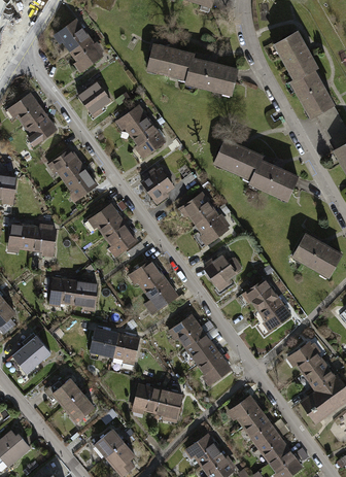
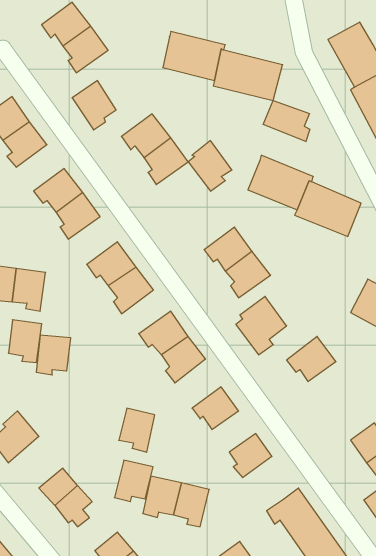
building: none -> [263,101,310,142]
building: [140,165,174,204] -> [188,141,232,191]
building: [72,278,98,311] -> [8,320,42,362]
building: [258,297,293,333] -> none
building: [89,328,118,360] -> [114,460,153,502]
building: [184,335,218,367] -> none

